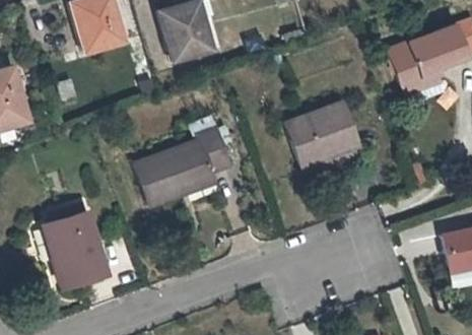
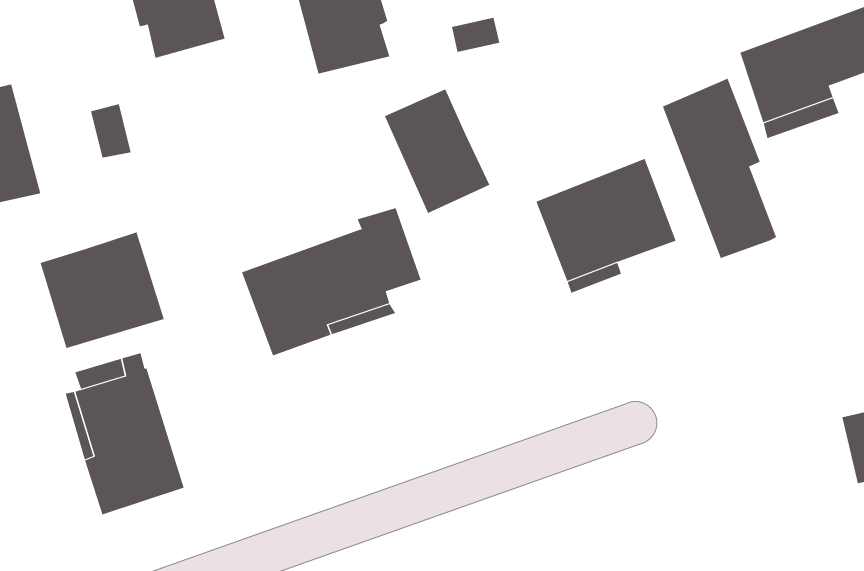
building: none -> [662,78,777,259]
building: none -> [384,88,490,214]
building: none -> [40,232,164,349]

